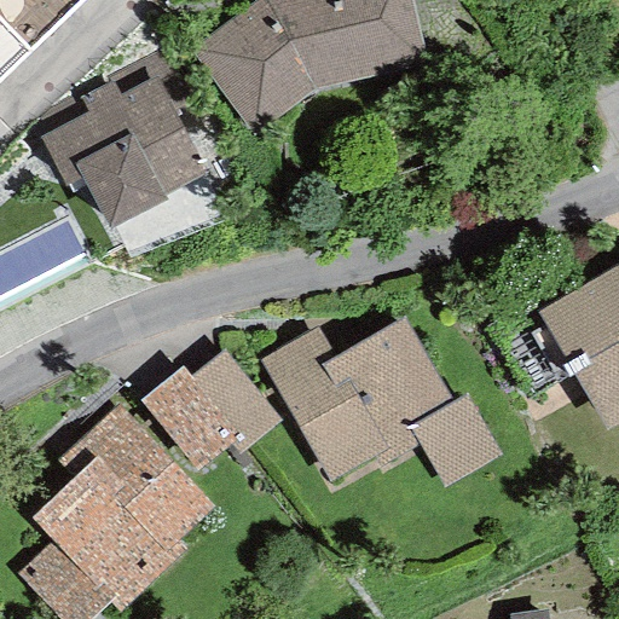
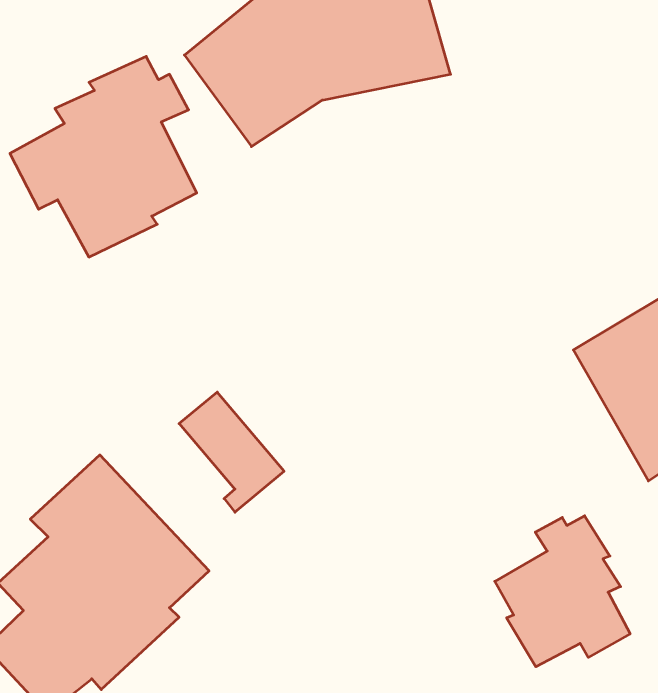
building: [262,318,503,486] -> none
building: [141,366,238,468] -> none
building: none -> [495,516,630,667]

